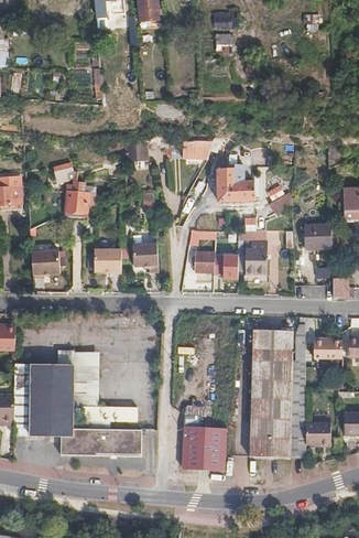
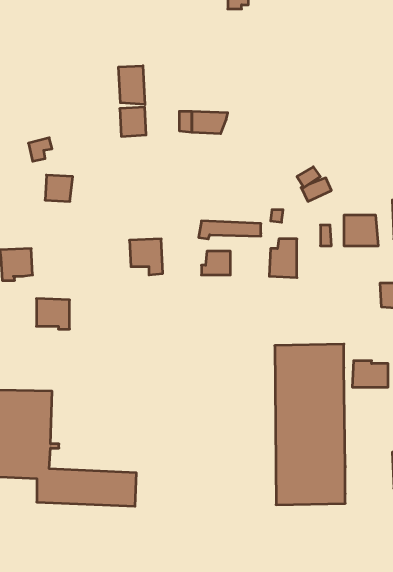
building: none -> [119,66,145,105]
building: [213,164,255,202] -> none
building: [96,248,122,272] -> [36,299,70,329]
building: [225,254,243,279] -> none
building: [187,415,235,469] -> none
building: [306,423,330,445] -> none

